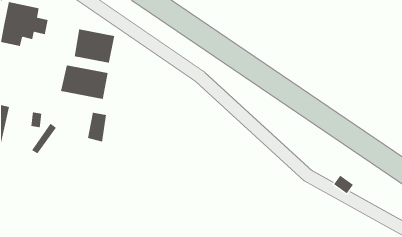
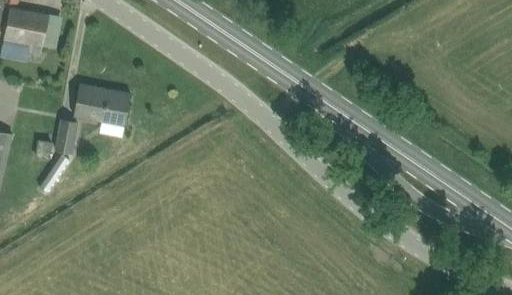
building: [74,29,115,63] -> none
building: [87,112,107,142] -> [54,118,78,154]

